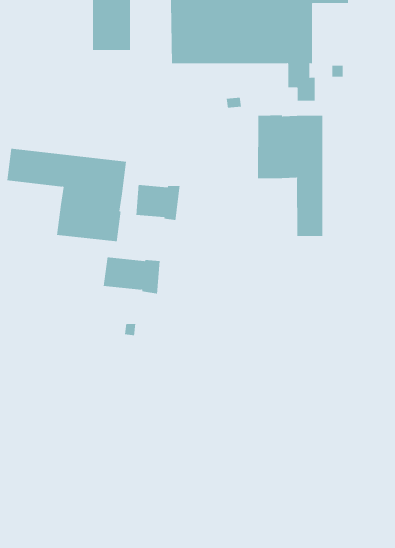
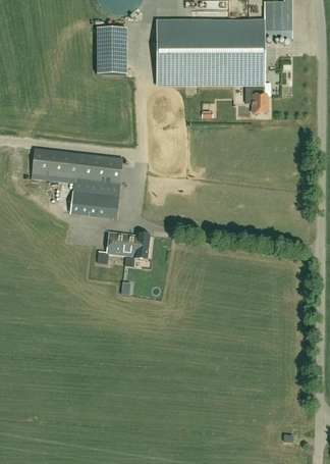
building: [257,115,323,237] -> none
building: [136,184,180,221] -> none

